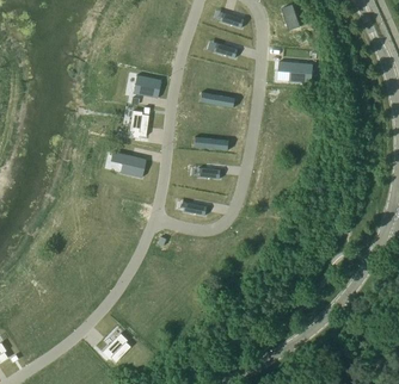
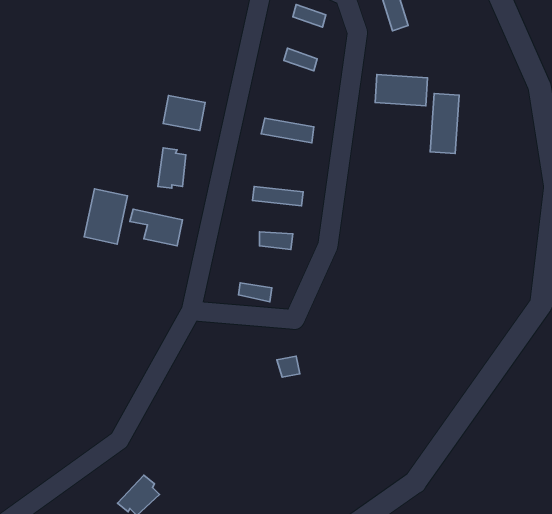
building: none -> [430,93,459,154]
building: none -> [84,189,127,244]

